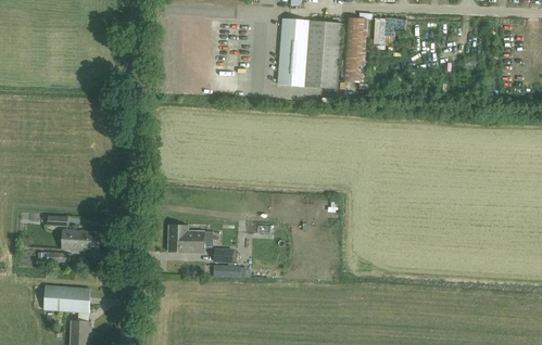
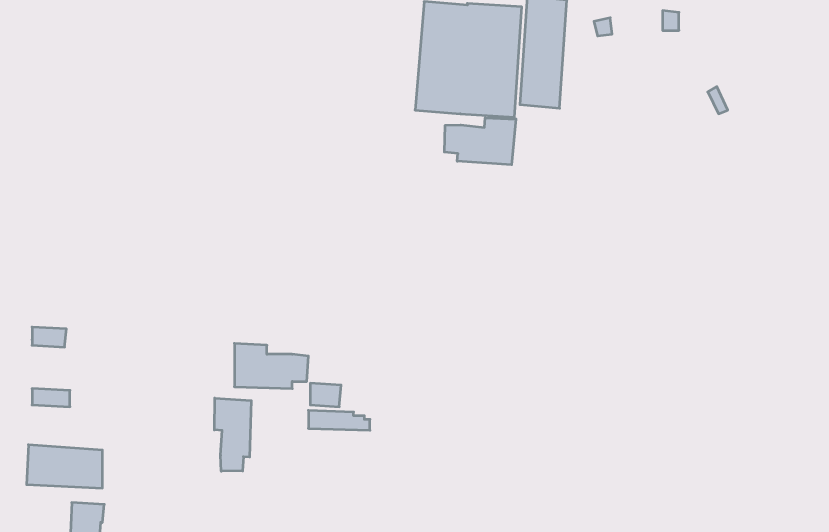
building: none -> [444,118,516,165]
building: [61,228,99,250] -> none
building: none -> [214,398,251,471]

